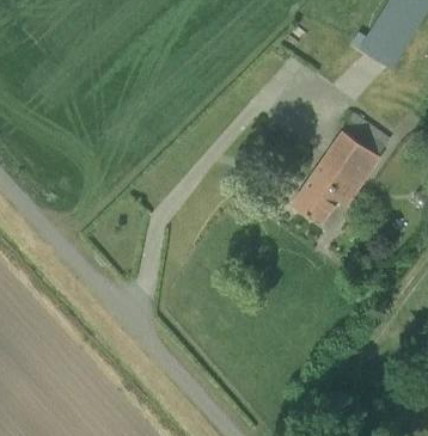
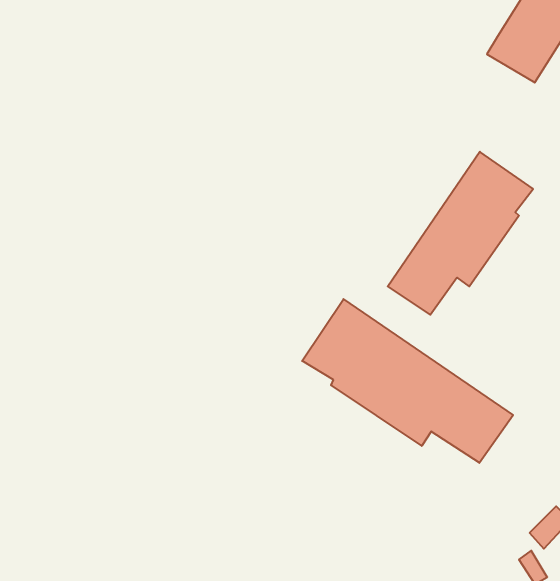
building: none -> [302,299,513,463]

